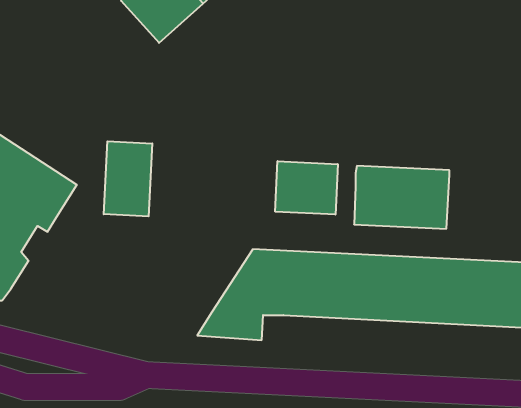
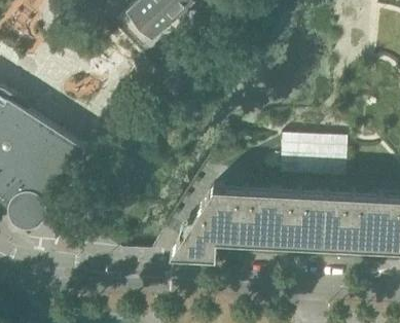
building: [104,141,152,216] -> none
building: [275,161,338,215] -> none

